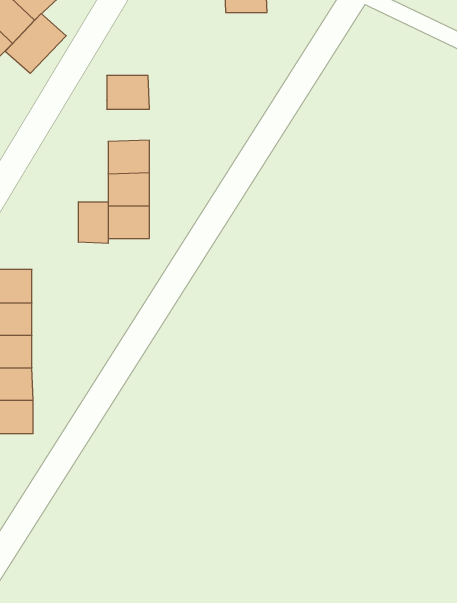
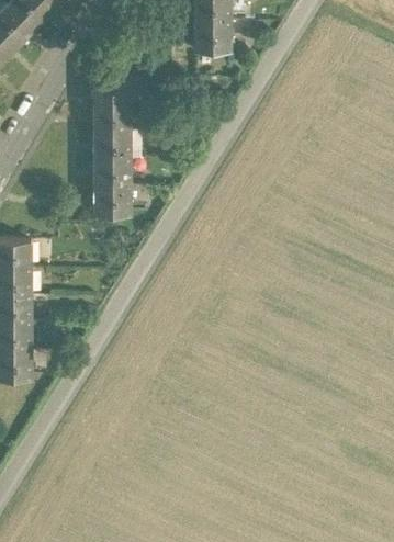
building: none -> [194,22,229,50]
building: [5,14,66,73] -> none
building: none -> [93,104,130,132]
building: [78,202,108,243] -> none

